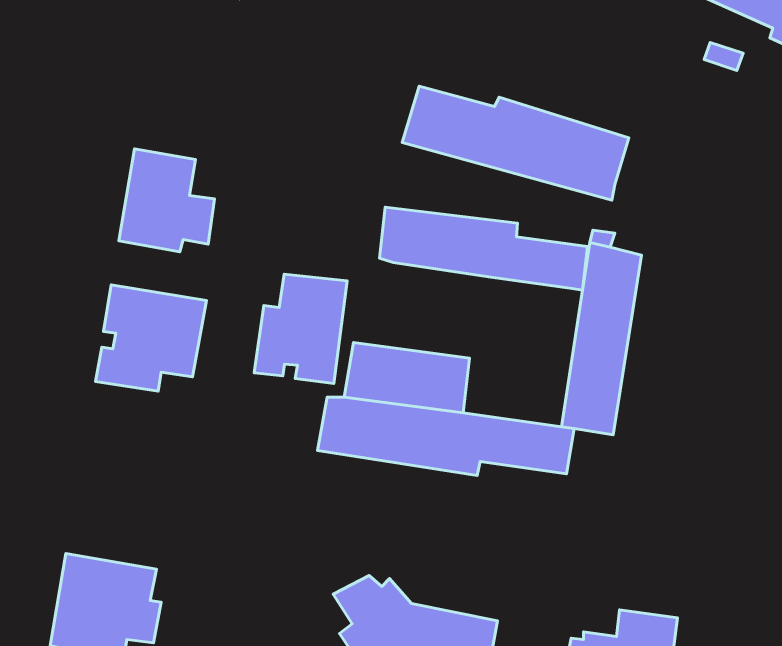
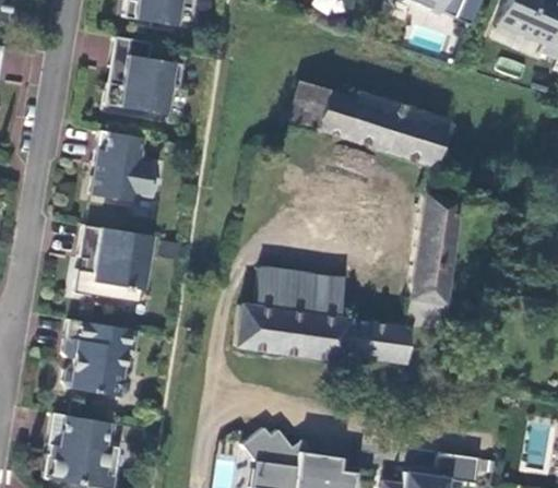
building: none -> [108,37,187,116]
building: [380,207,588,290] -> none
building: [254,274,347,384] -> none
building: none -> [66,320,141,397]

